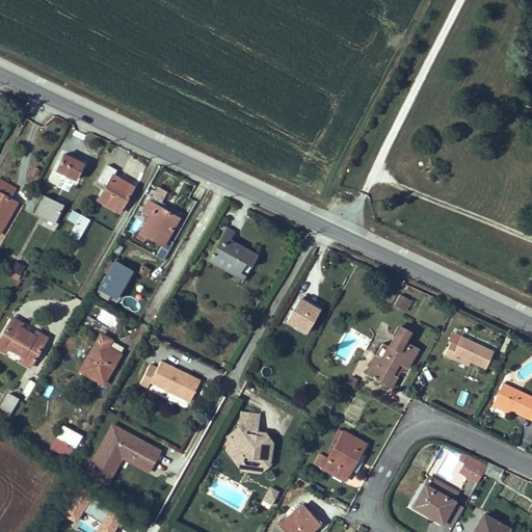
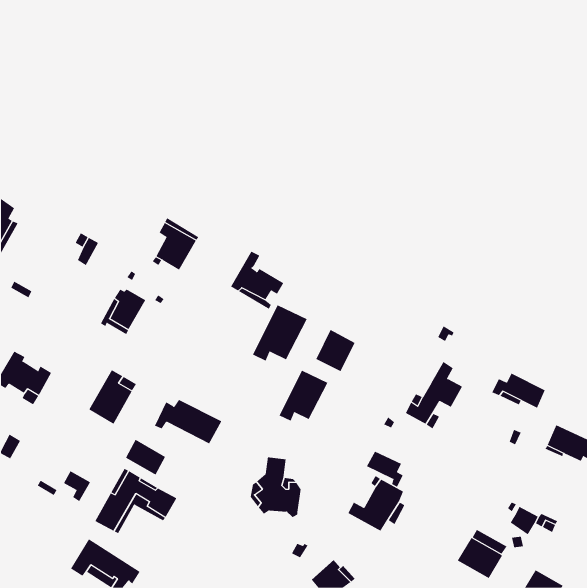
building: [56,153,84,179] -> none
building: [99,164,134,212] -> none
building: [36,194,64,219] -> none
building: none -> [252,304,308,361]
building: none -> [279,370,328,421]
building: none -> [125,439,166,475]
building: none -> [366,451,403,488]

